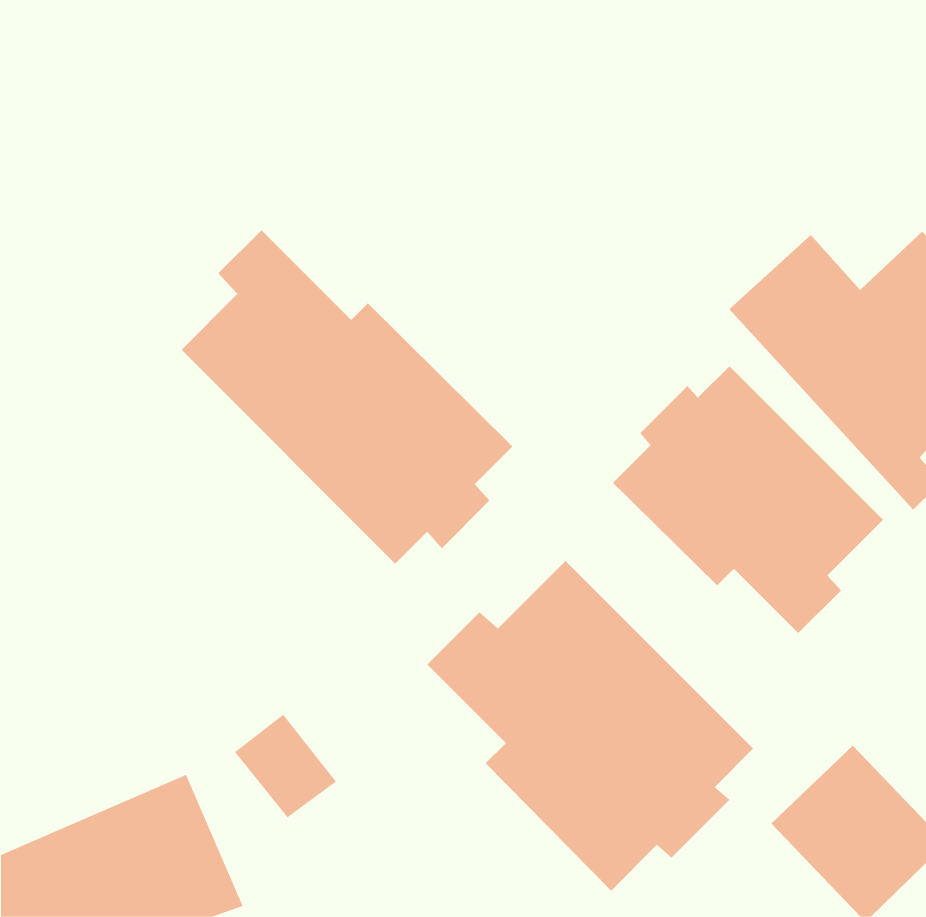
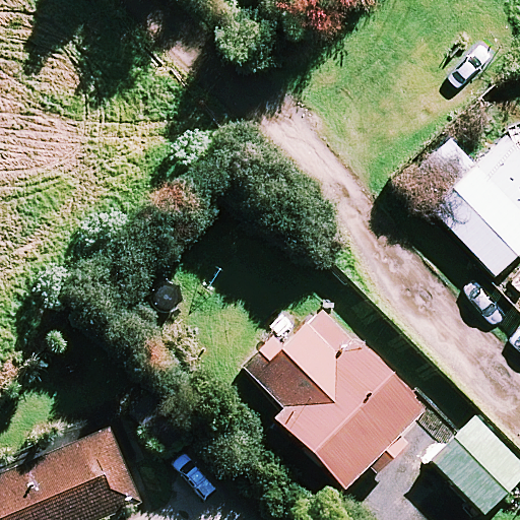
building: [181,229,513,564] -> none
building: [612,365,884,634] -> none

